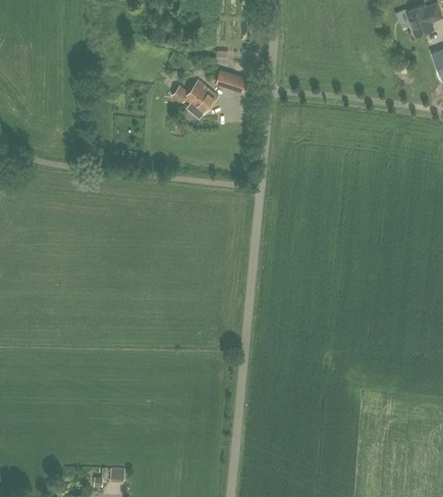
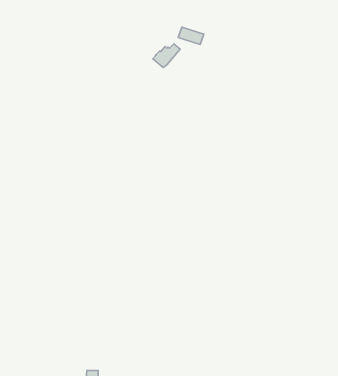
building: [172,80,211,103] -> none

